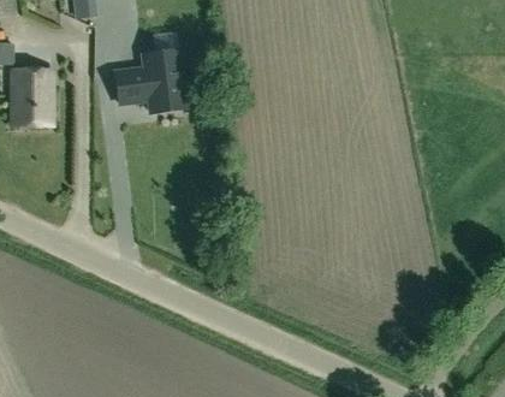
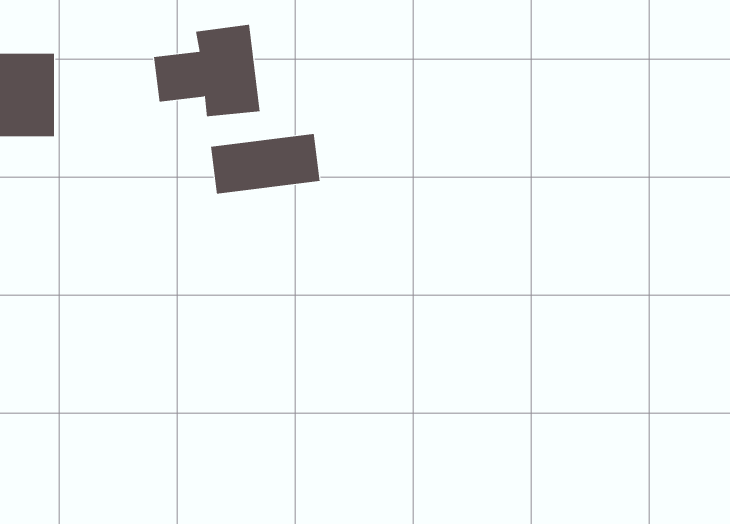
building: none -> [210,133,320,194]

